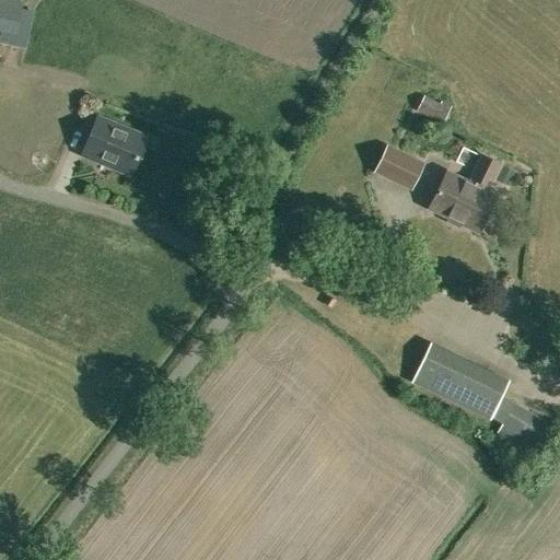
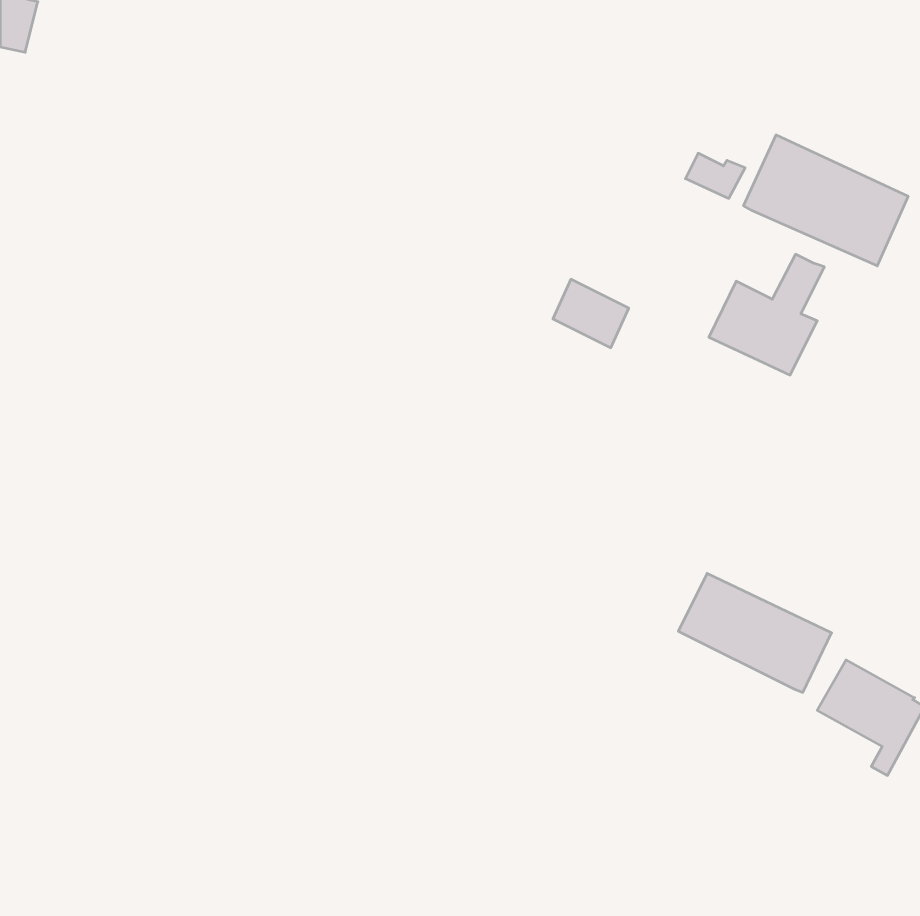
building: none -> [744,135,908,266]
building: [83,115,147,171] -> none
building: [377,144,423,186] -> [553,279,629,348]

